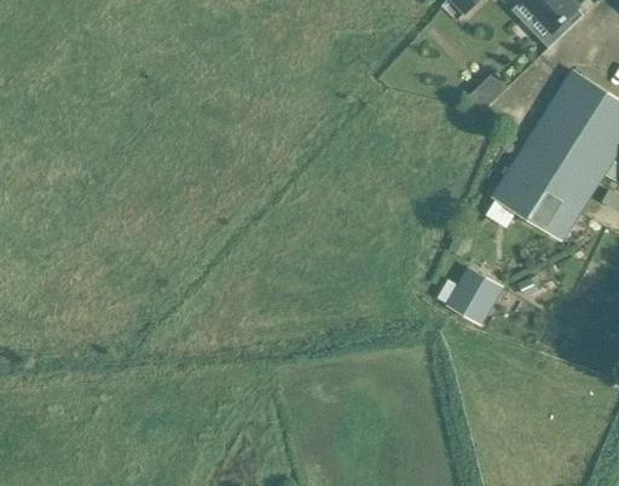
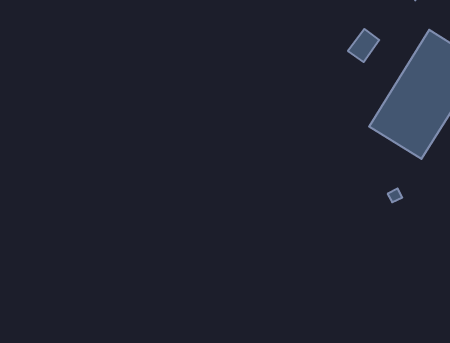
building: [445,266,503,325] -> none

